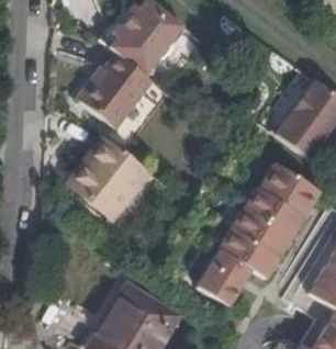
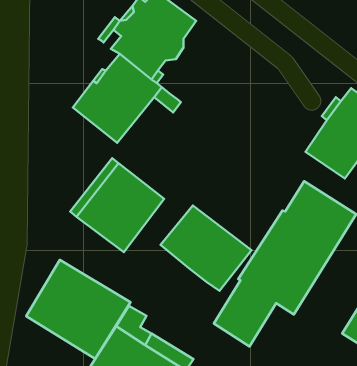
building: none -> [161,205,252,291]
building: none -> [26,260,130,359]

